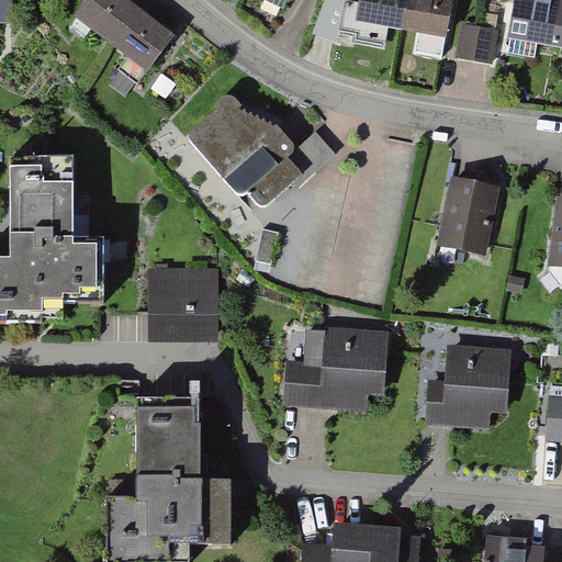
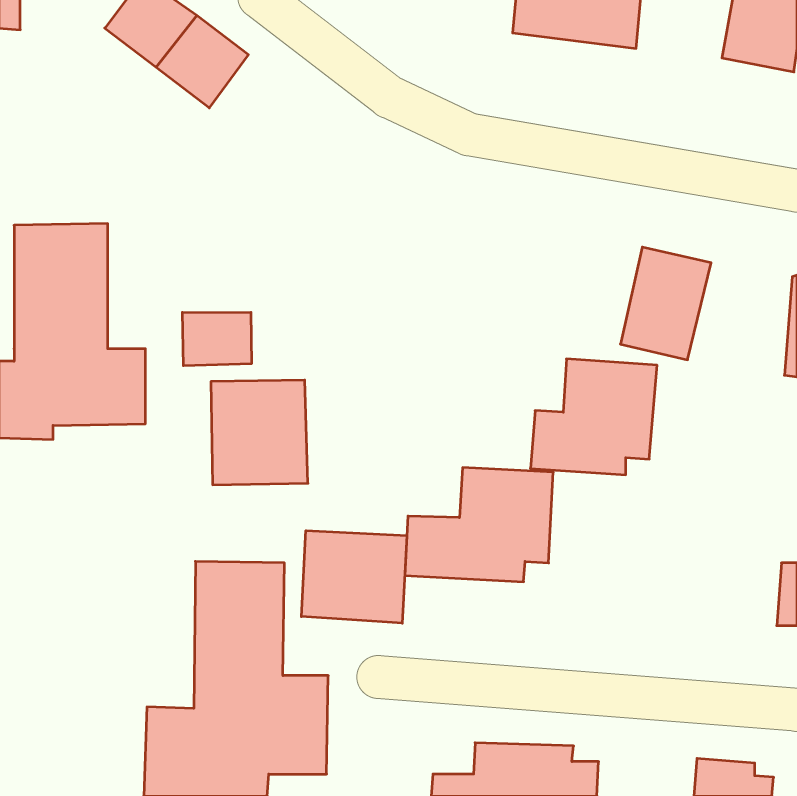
building: [460,26,498,60] -> none
building: [189,94,335,206] -> none
building: none -> [182,312,251,366]
building: [424,344,513,425] -> [530,359,657,475]
building: none -> [301,531,407,623]

